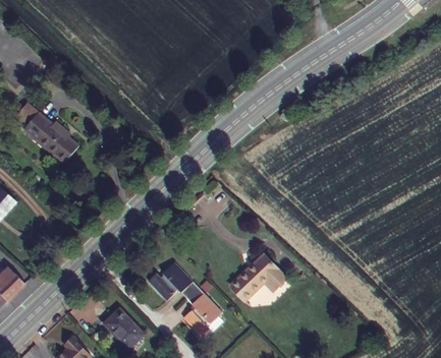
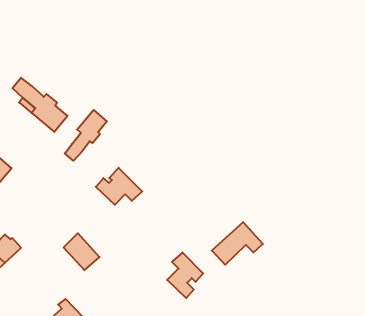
building: none -> [65,110,107,161]
building: [149,262,199,302] -> [96,168,142,205]
building: [106,309,145,349] -> [64,233,100,270]

